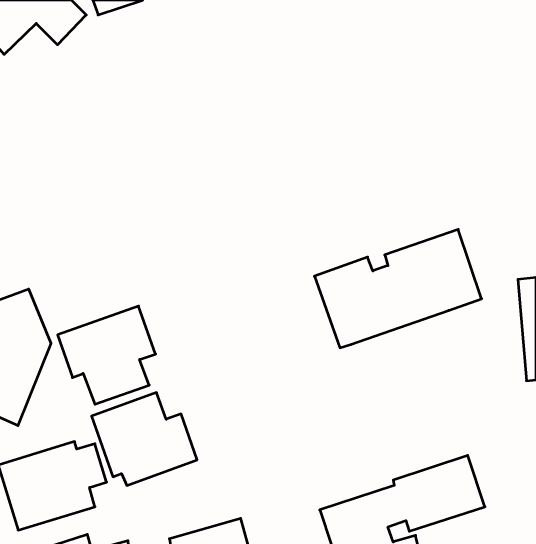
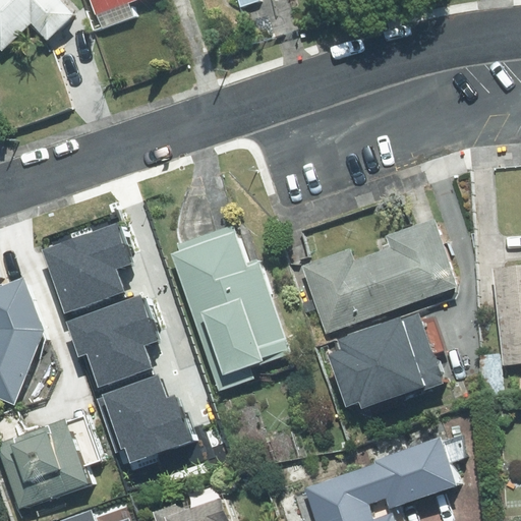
building: none -> [33,223,123,314]
building: none -> [170,225,296,393]
building: none -> [331,297,460,423]

